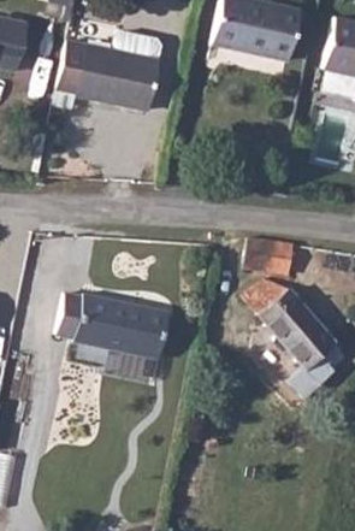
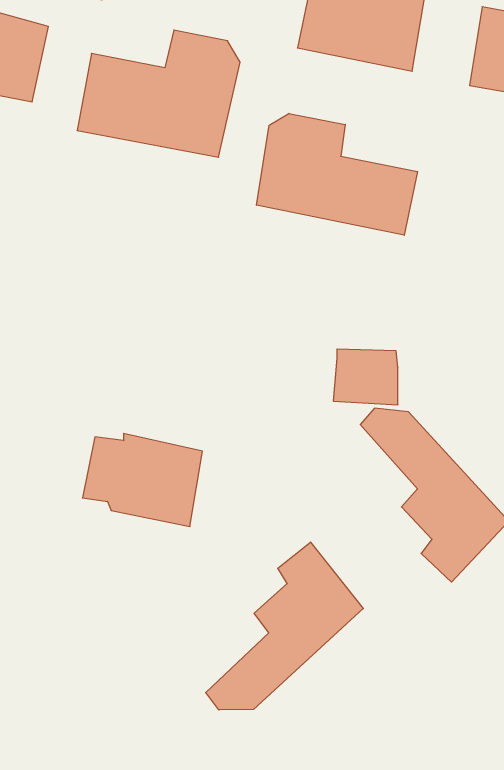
building: none -> [257,113,417,235]
building: [132,311,172,367] -> none
building: none -> [206,542,363,710]

